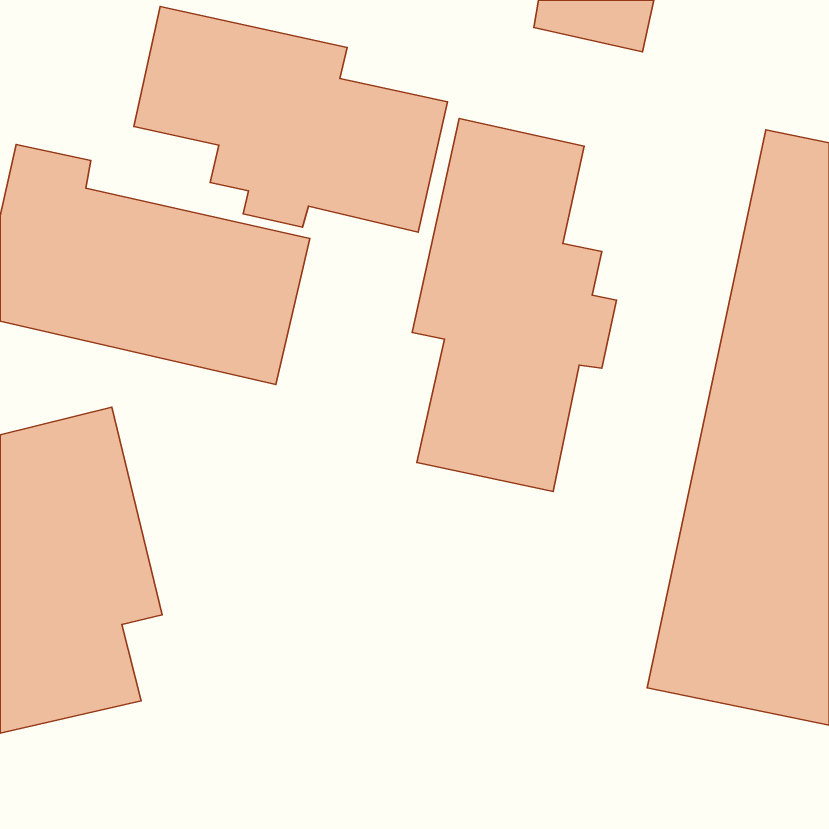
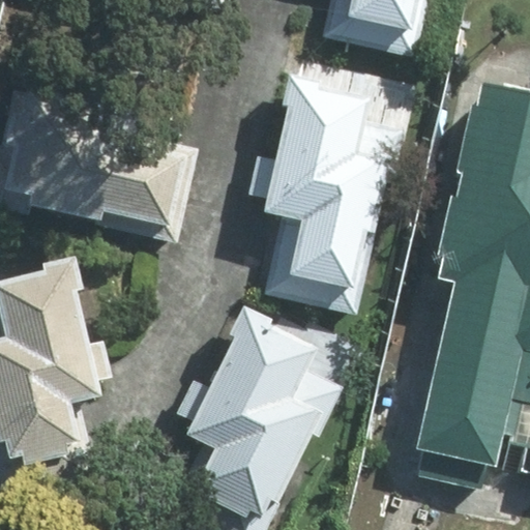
building: [134,7,448,232] -> none
building: none -> [176,306,349,522]

